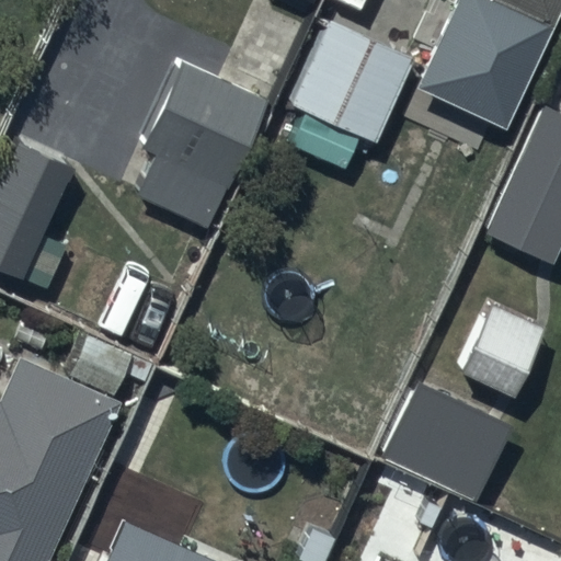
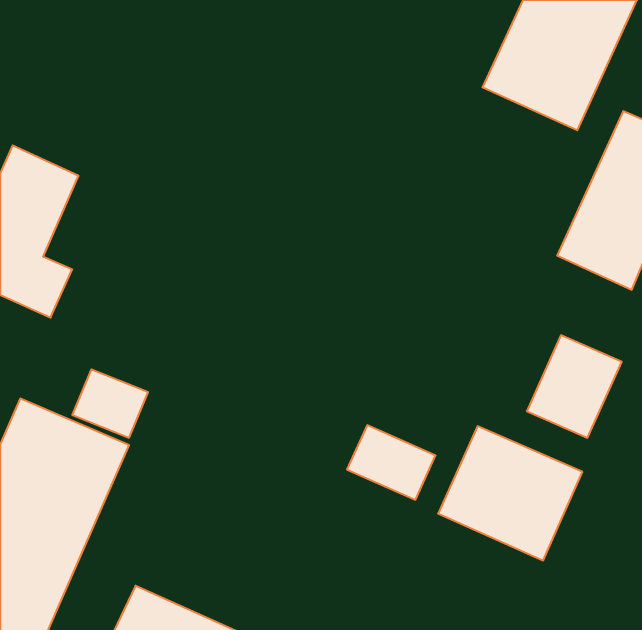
building: [290,19,414,144] -> none
building: [137,64,264,229] -> none

